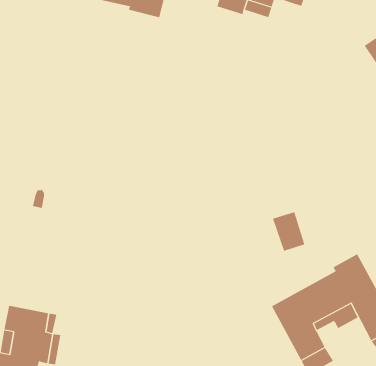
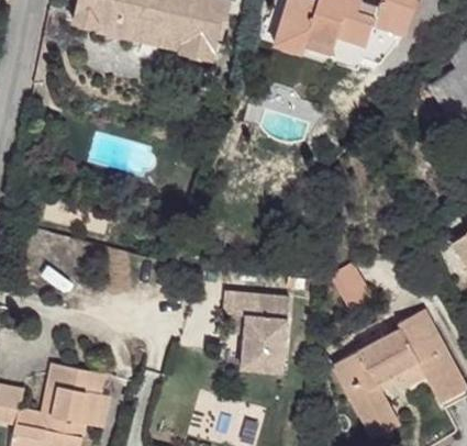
building: none -> [223,292,288,372]

